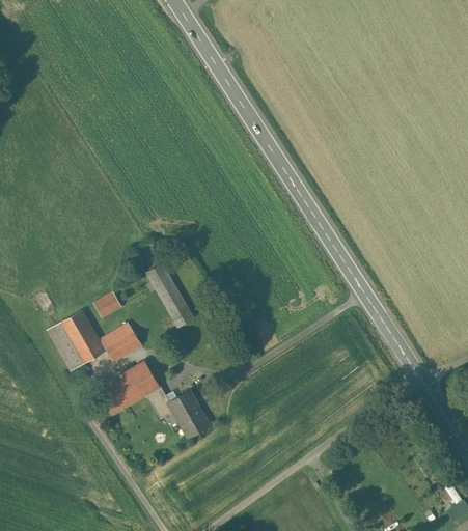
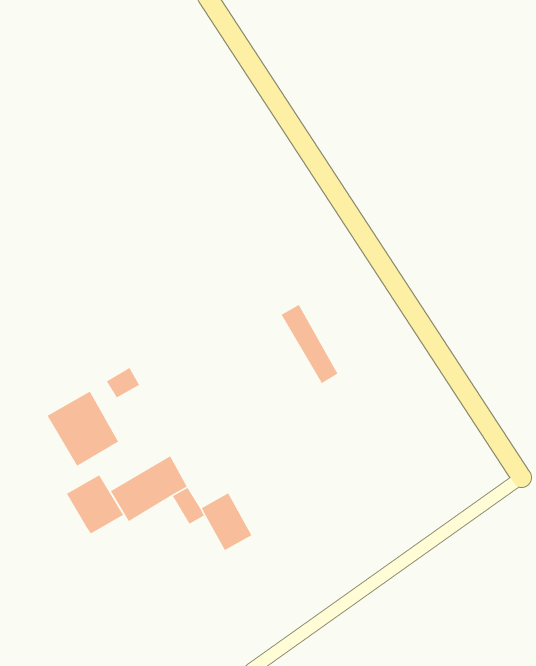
building: [147,264,193,328] -> [281,304,339,384]
building: [101,324,141,361] -> none
building: none -> [66,474,124,535]

